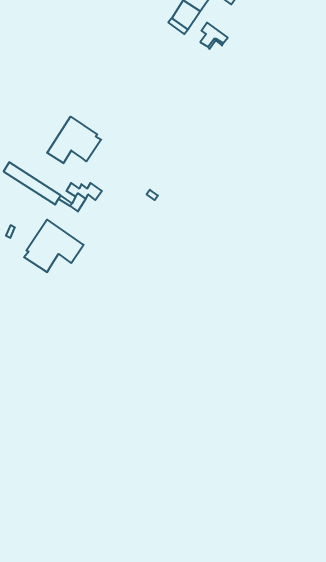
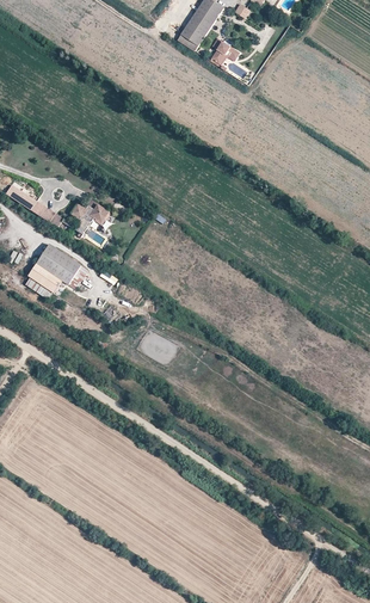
building: [47,117,101,163] -> none

